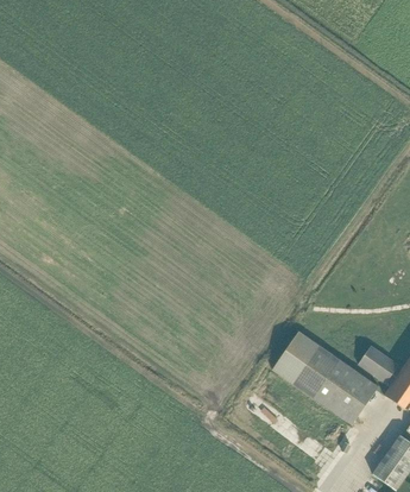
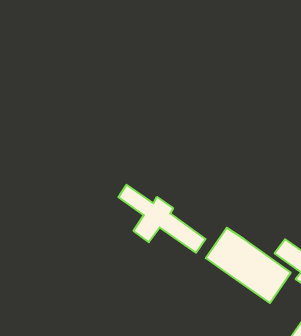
building: none -> [118,185,206,253]

